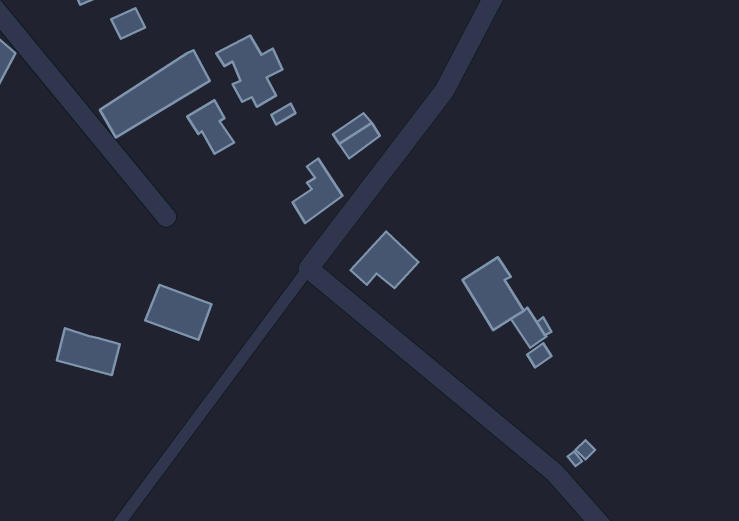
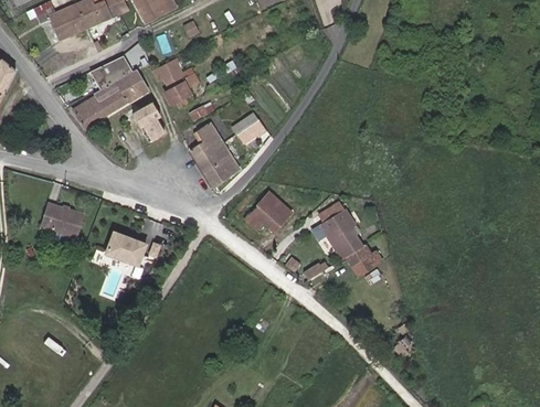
building: none -> [91,55,133,96]
building: none -> [190,124,222,173]
building: [57,328,120,375] -> [41,202,84,234]

